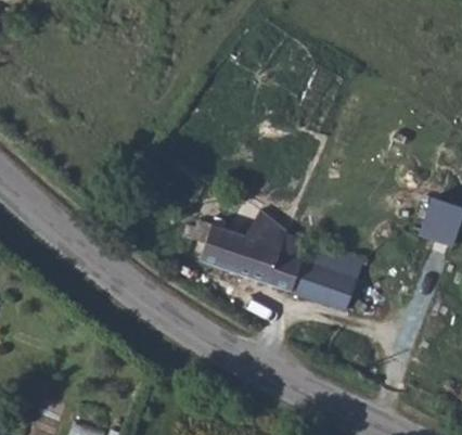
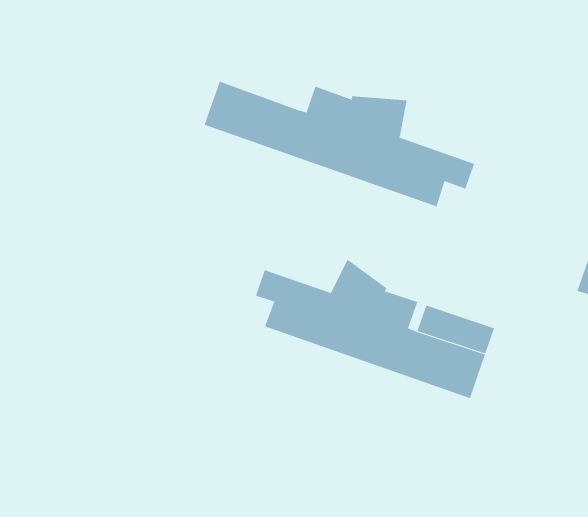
building: none -> [204,81,475,207]

